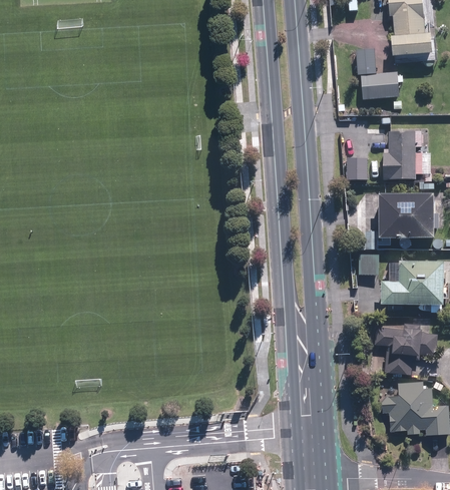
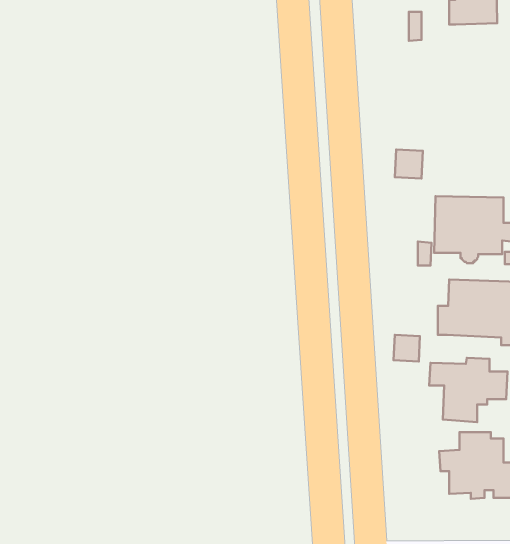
building: [361,72,403,108] -> none
building: [382,130,430,181] -> none
building: [359,254,380,275] -> [393,335,420,361]

